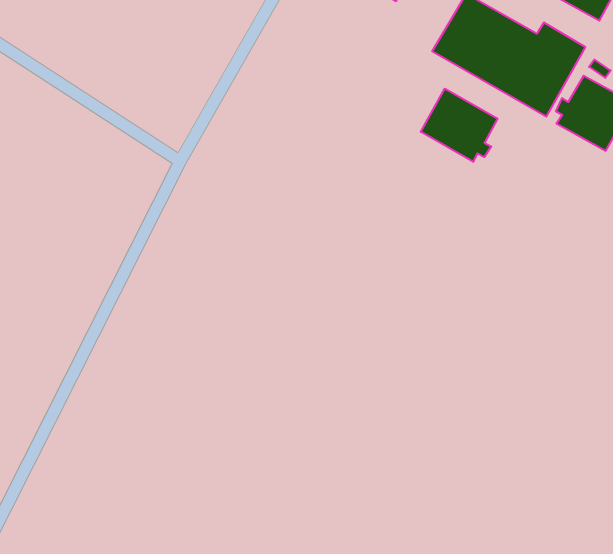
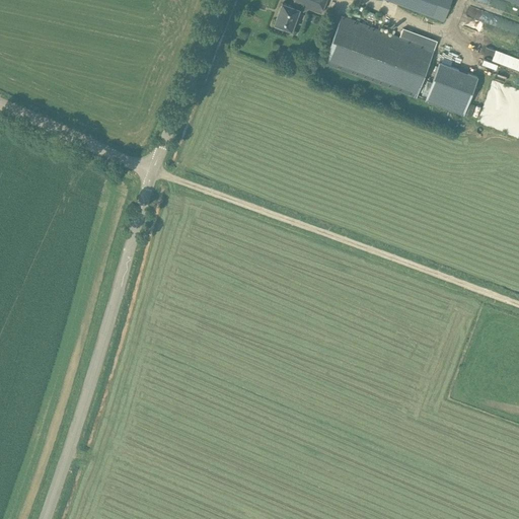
building: [421,89,497,162] -> none

